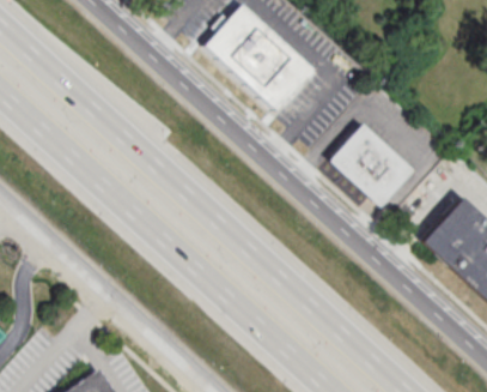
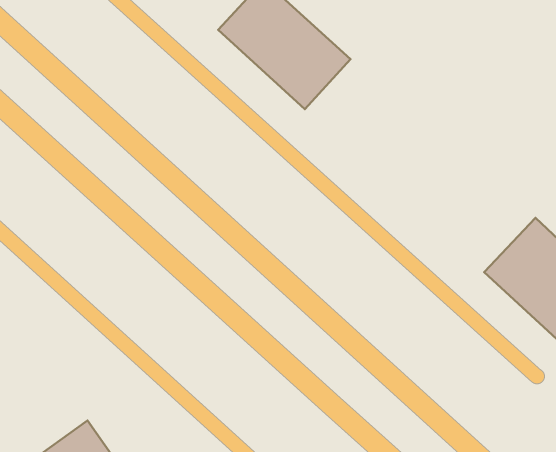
building: [330,125,413,207] -> none

